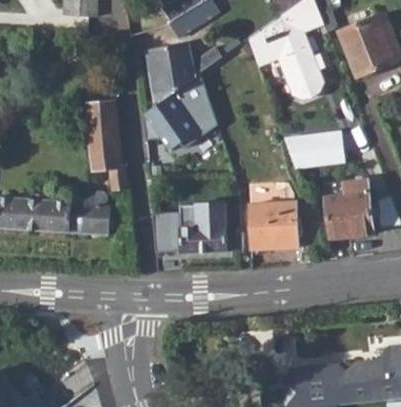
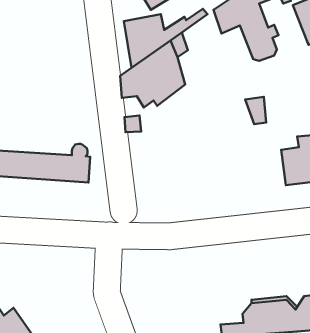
building: [86,101,127,190] -> none
building: [306,133,343,166] -> none
building: [152,203,227,252] -> none
building: [250,203,299,249] -> none

